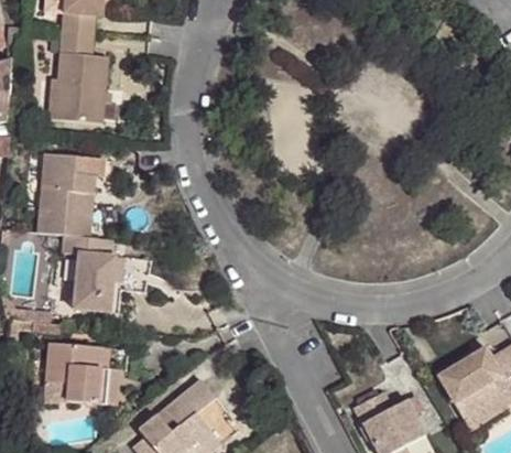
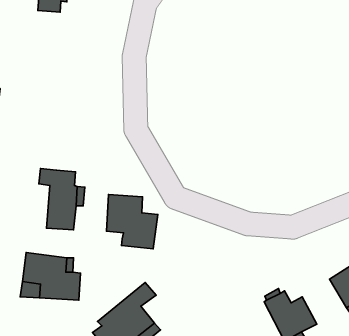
building: [48,28,104,122] -> none
building: [36,154,102,235] -> none
building: none -> [107,195,158,249]

